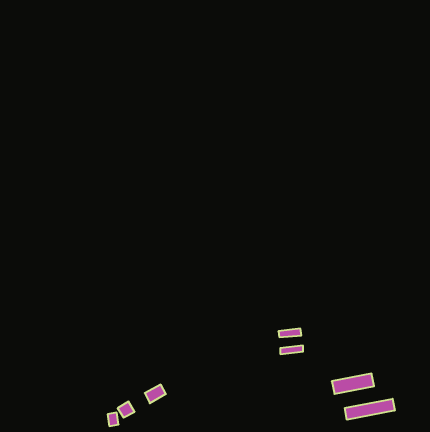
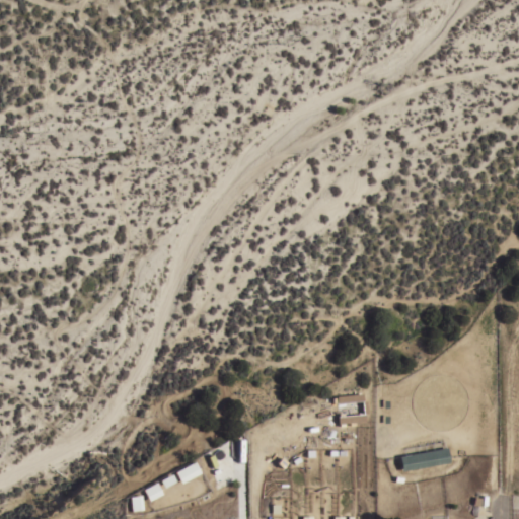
building: [345,399,395,420] -> none

